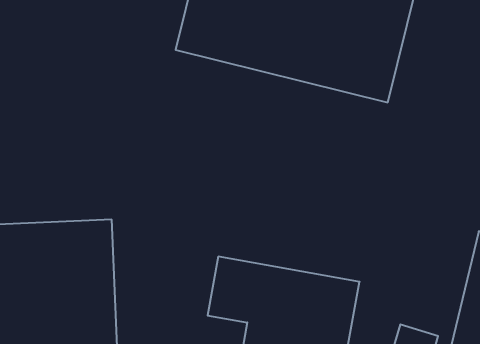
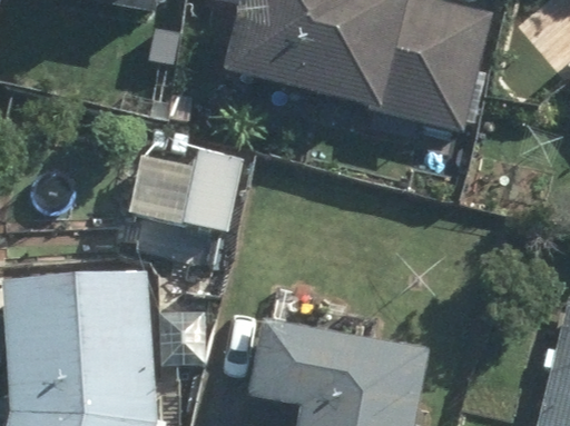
building: none -> [136,125,247,241]

